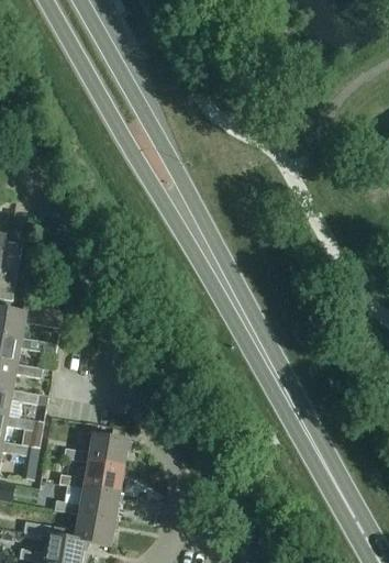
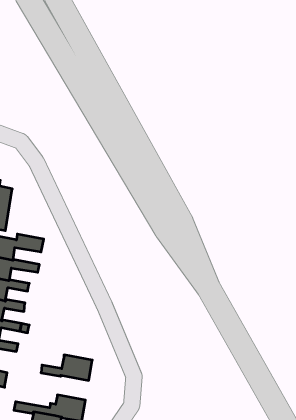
building: [62,434,127,467] -> none
building: [53,487,119,519] -> none

